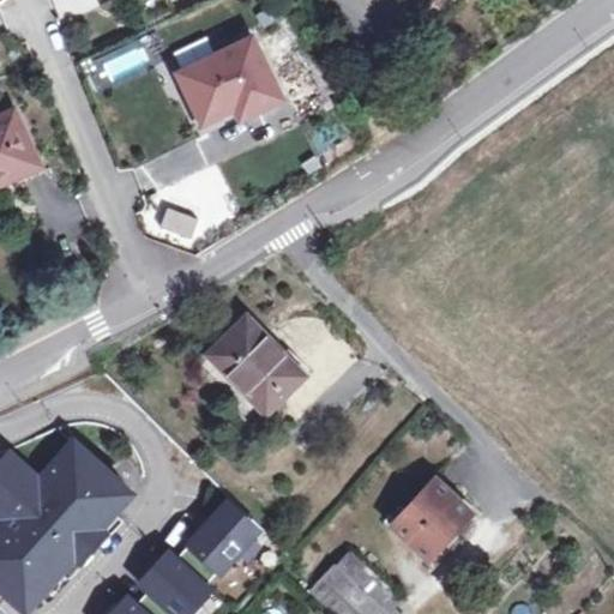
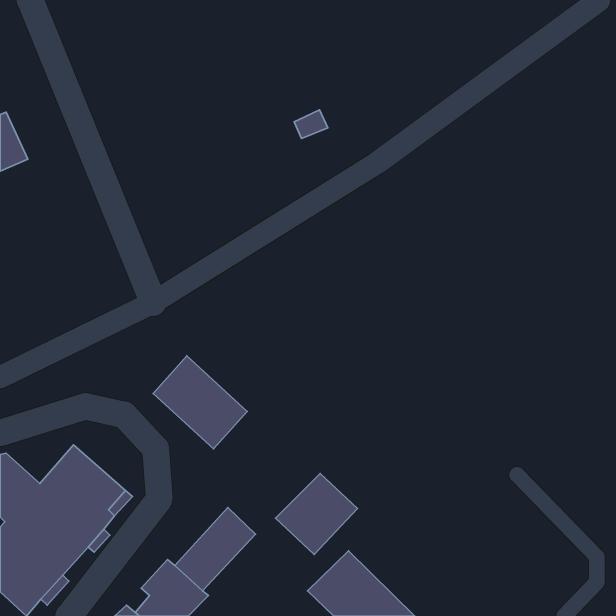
building: [179,42,279,124] -> none
building: [212,317,306,409] -> [153,356,247,449]
building: [391,478,472,559] -> [276,474,358,554]

